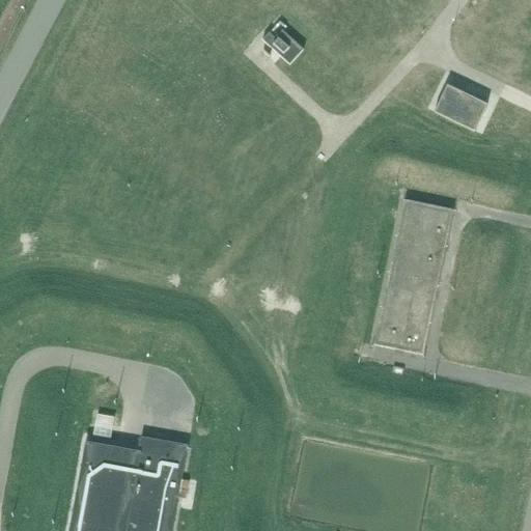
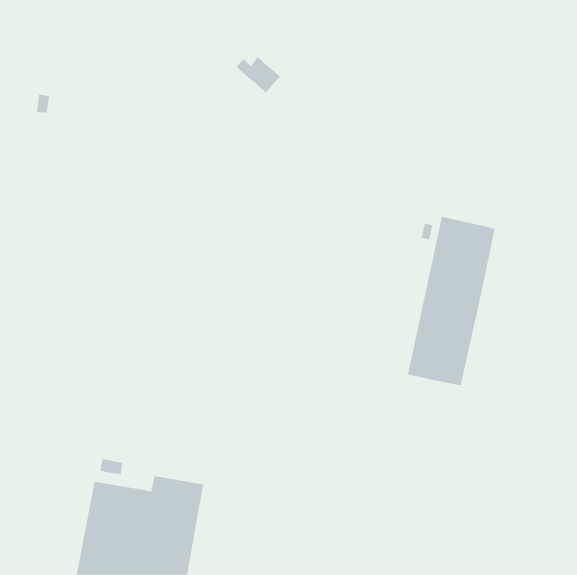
building: [263,29,305,63] -> [236,56,281,94]
building: [436,84,488,131] -> none

